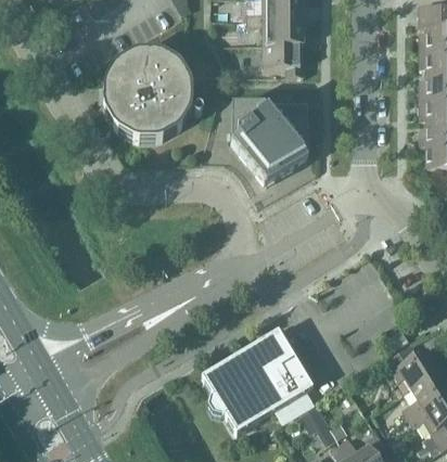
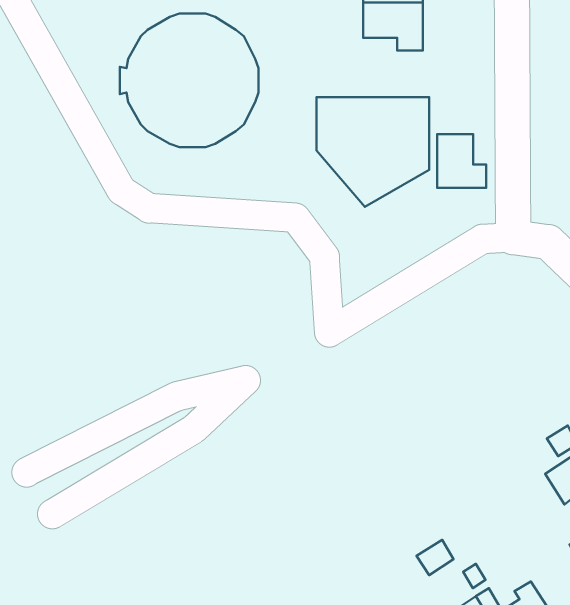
building: none -> [437,134,486,188]
building: [203,331,314,434] -> none

